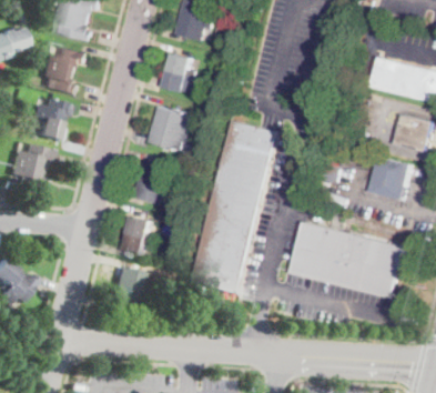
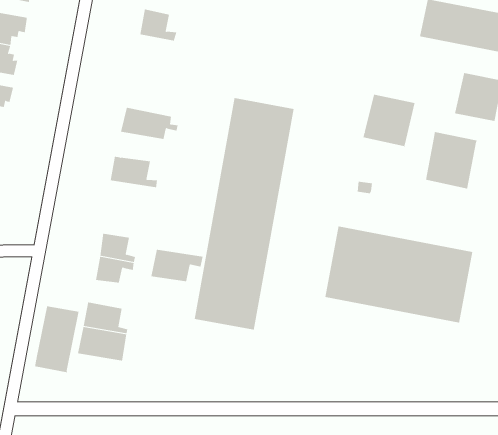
building: [162,71,192,93] -> none
building: [153,107,195,133] -> none
building: none -> [363,94,415,147]
building: [132,178,172,203] -> [151,249,203,282]
building: none -> [34,305,79,373]

